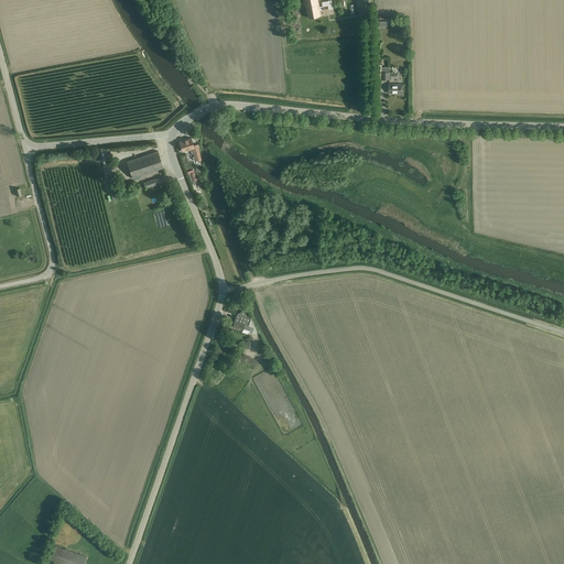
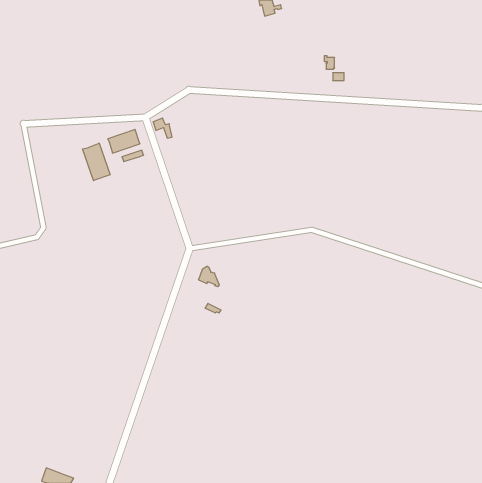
building: none -> [83,143,110,181]

